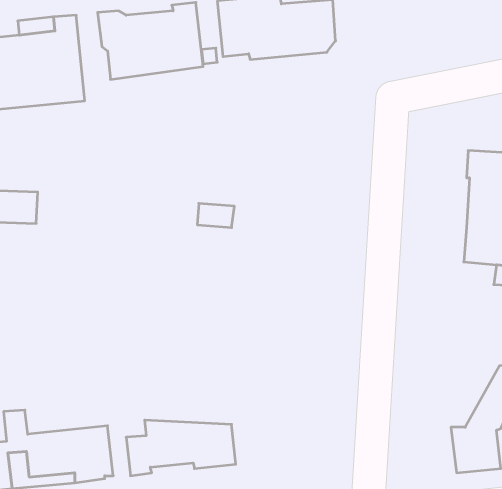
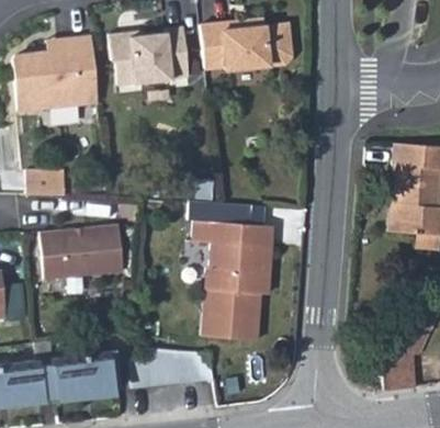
building: none -> [187,202,274,341]
building: none -> [40,225,124,279]

